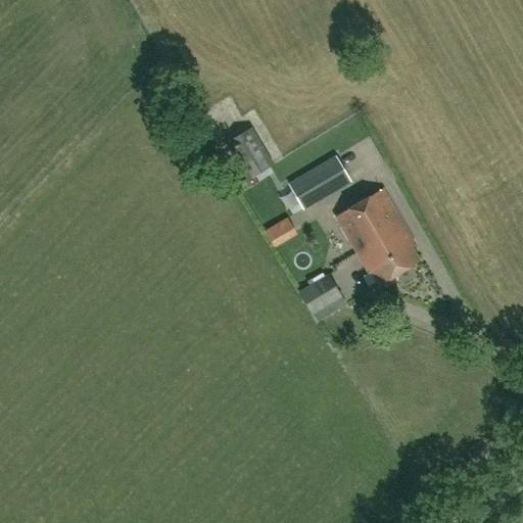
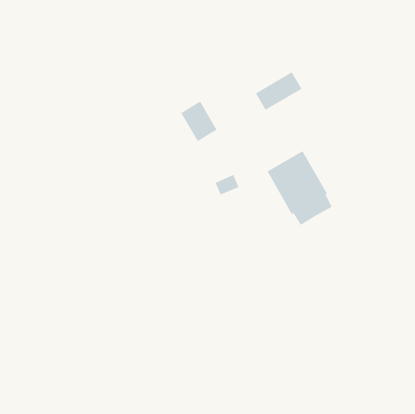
building: [290,158,350,208] -> [255,71,303,111]
building: [299,274,341,314] -> none

